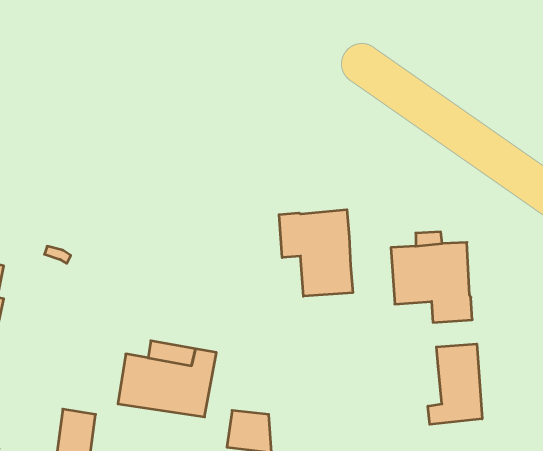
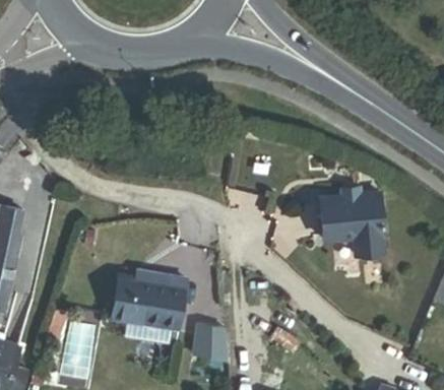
building: [279,210,353,296] -> none
building: [428,344,482,424] -> none

